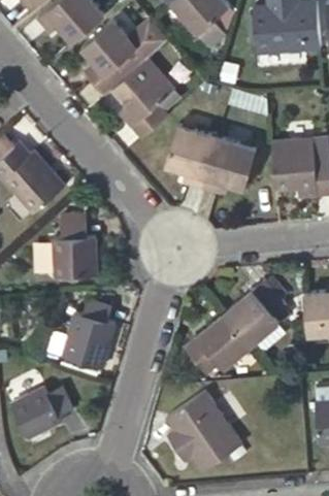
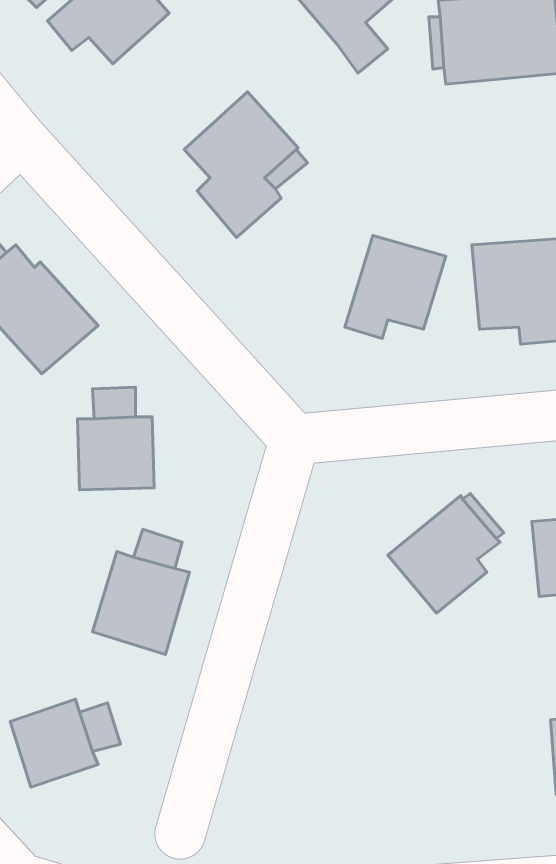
building: [83,18,169,95] -> none
building: [166,125,218,187] -> none
building: [187,312,253,371] -> none
building: [167,390,242,470] -> none

